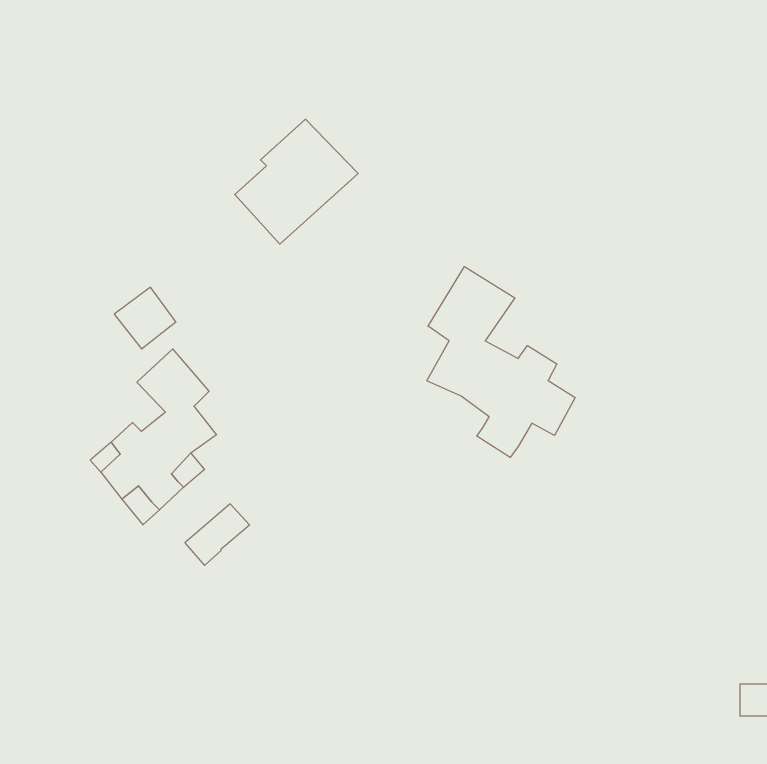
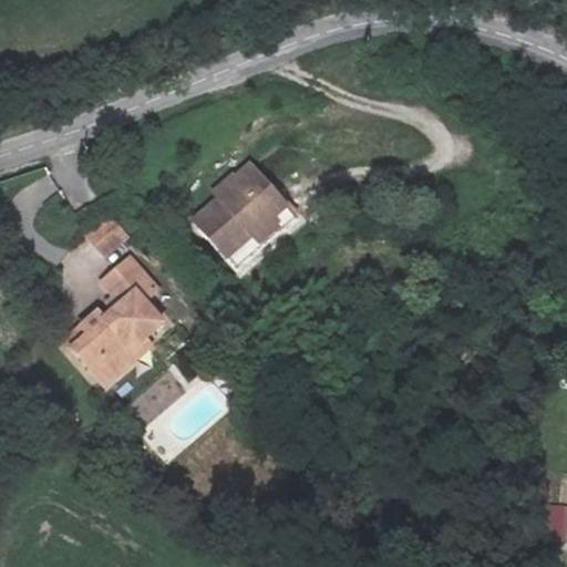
building: [235,119,358,244] -> [196,165,287,257]
building: [427,267,575,457] -> none

